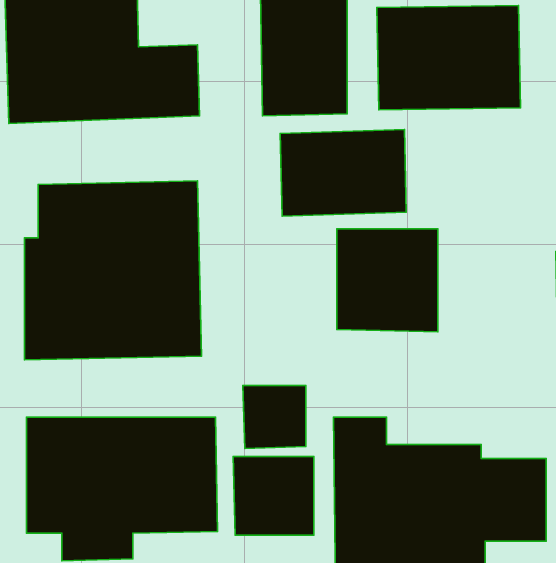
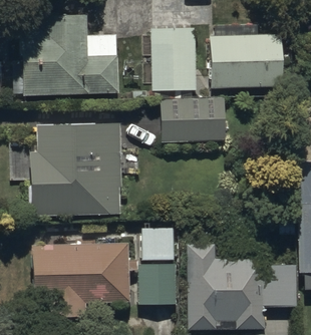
building: [337,229,438,332] -> none

